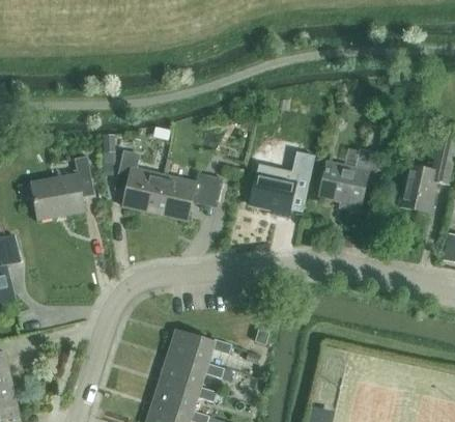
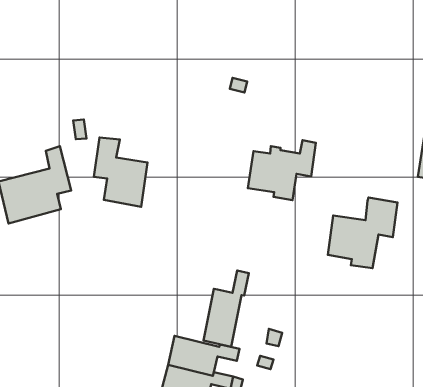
building: [319,147,383,209] -> [328,197,397,268]
building: [154,172,208,220] -> none
building: none -> [203,271,249,347]

